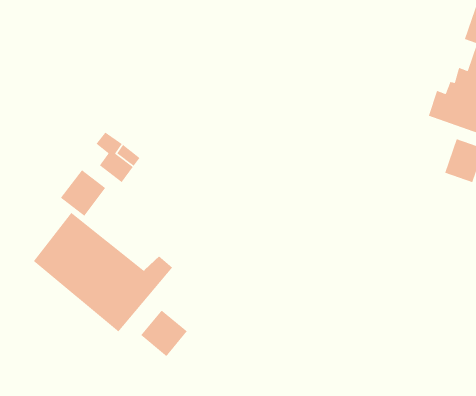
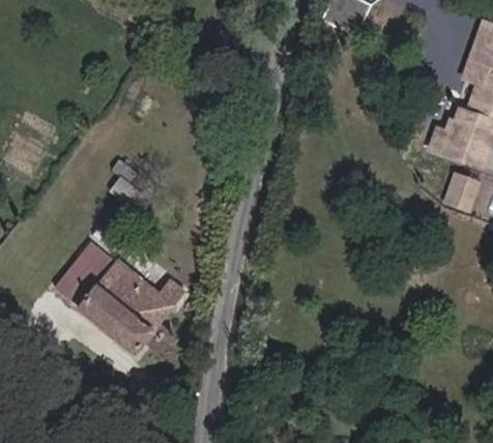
building: [60,169,106,217] -> none
building: [140,309,188,357] -> none

